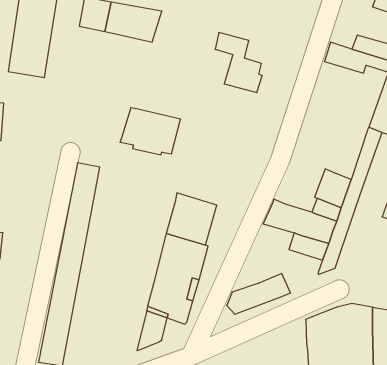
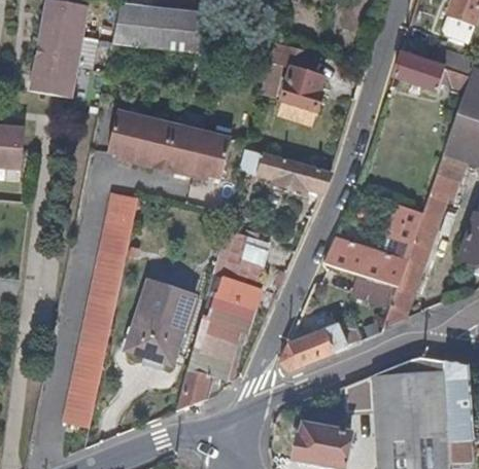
building: none -> [106,116,170,172]
building: none -> [242,145,331,192]
building: none -> [127,287,194,367]
building: none -> [345,375,375,412]

